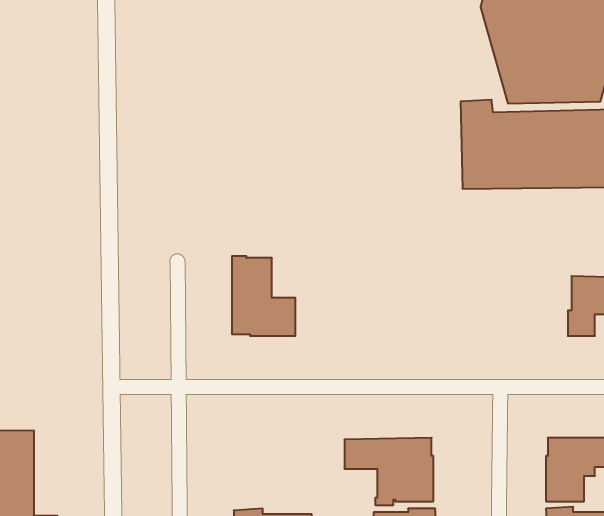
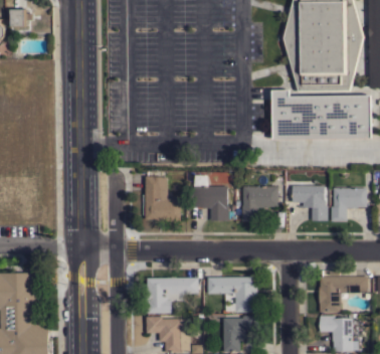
building: none -> [193,175,235,220]
building: none -> [292,182,329,220]
building: none -> [241,186,277,221]
building: none -> [146,278,198,313]

